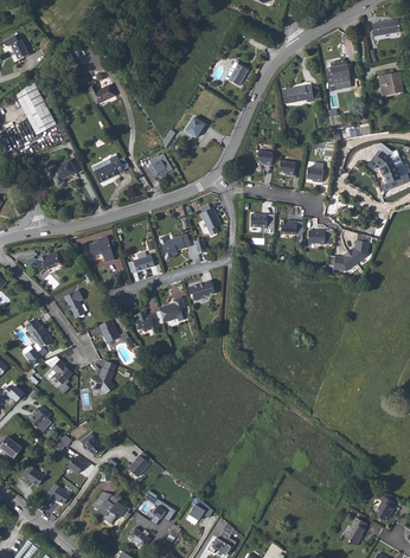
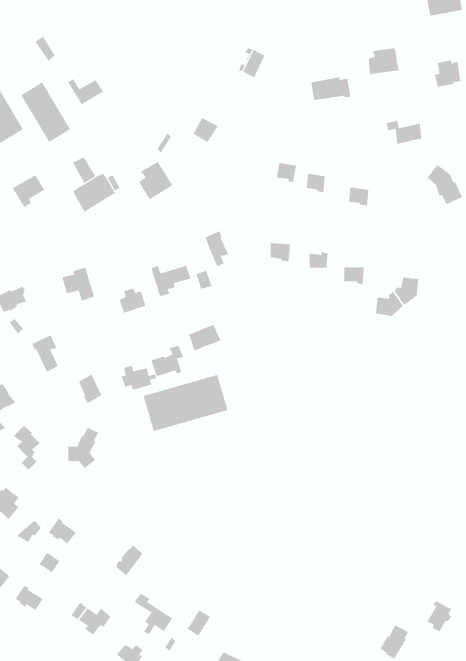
building: none -> [20,82,71,143]
building: none -> [143,374,228,432]

